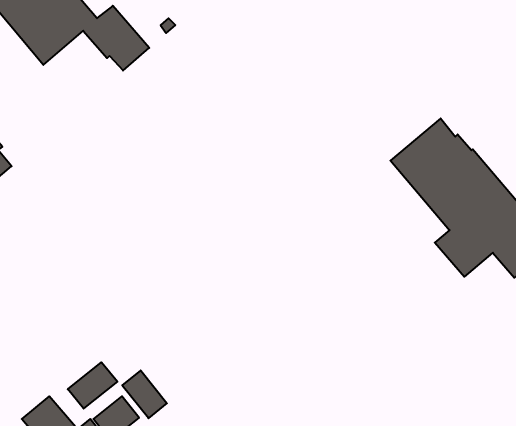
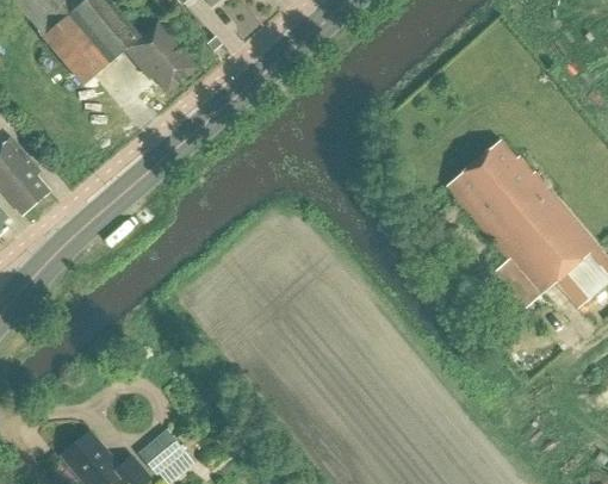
building: [68,362,117,409] -> none
building: [122,370,167,418] -> none

